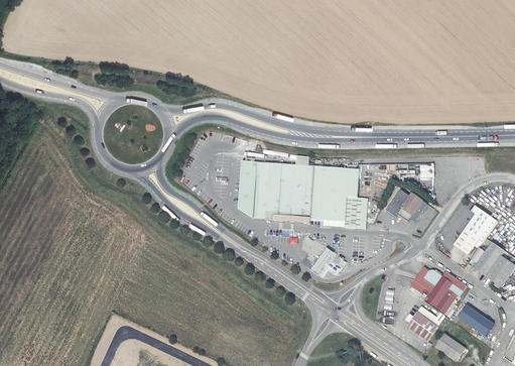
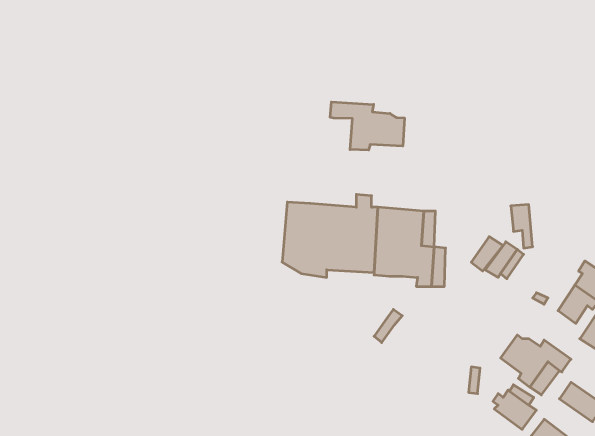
building: none -> [330,102,404,150]

